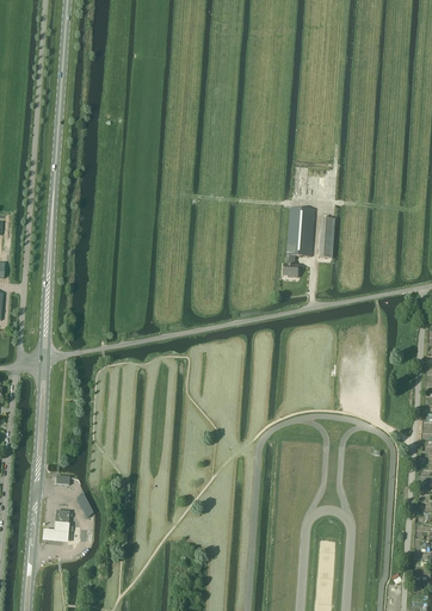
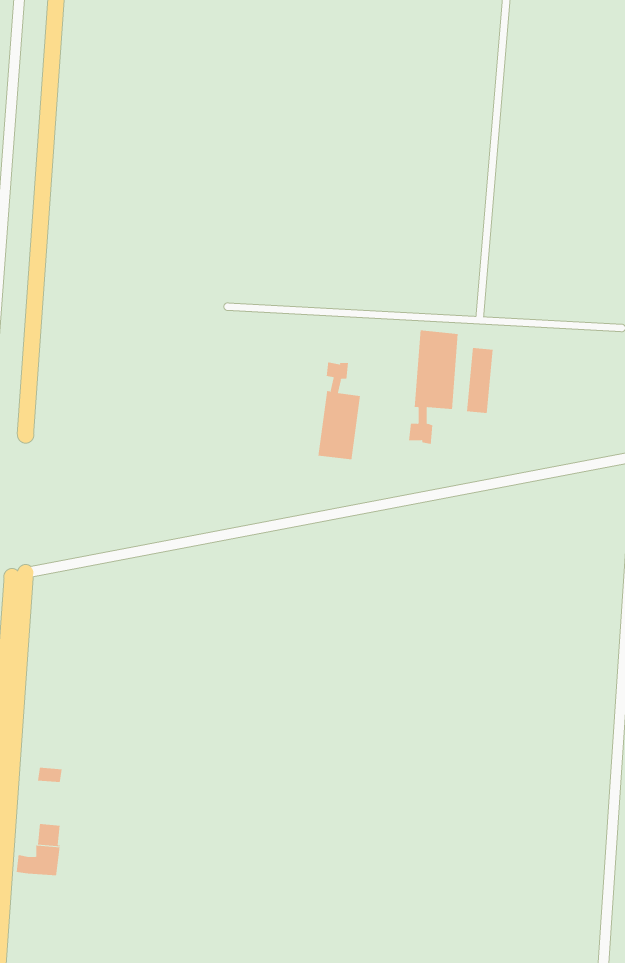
building: none -> [318,361,361,460]

